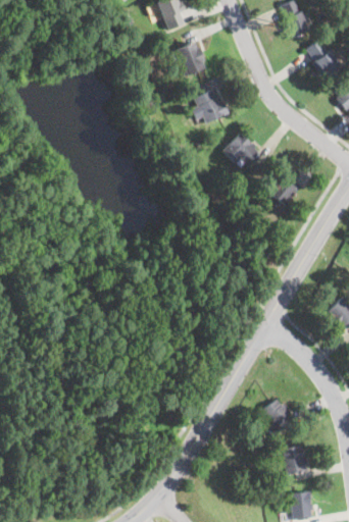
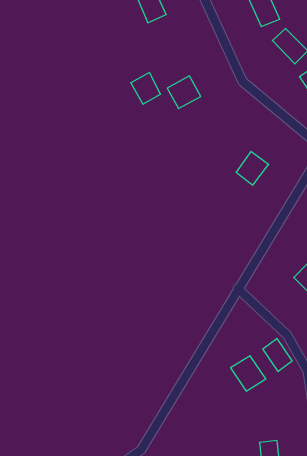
building: [174,43,207,77] -> [131,73,161,104]
building: [223,133,262,170] -> none
building: none -> [263,338,292,372]
building: [280,443,307,473] -> none

